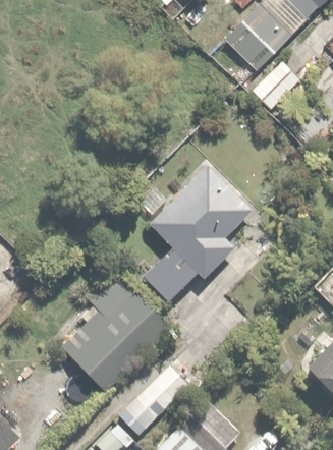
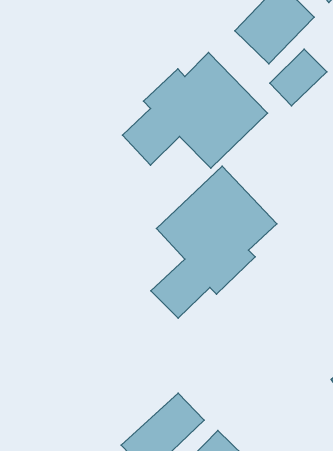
building: none -> [123,52,268,168]
building: [62,264,168,392] -> none

